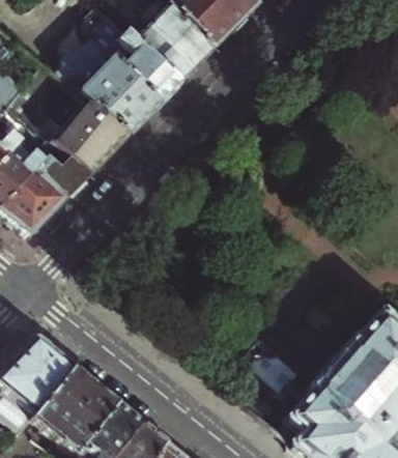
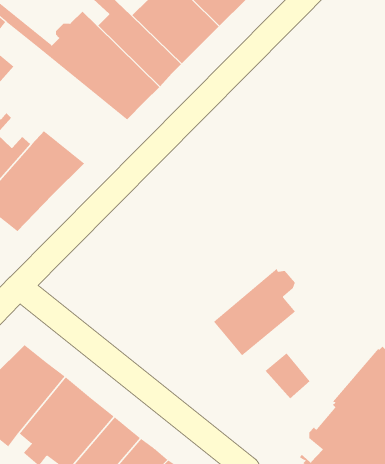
building: [29,65,129,173] -> none
building: none -> [213,268,296,356]

